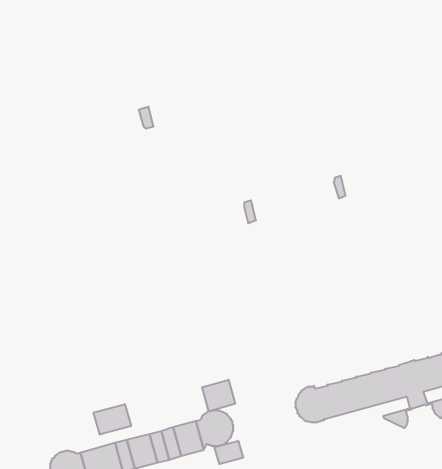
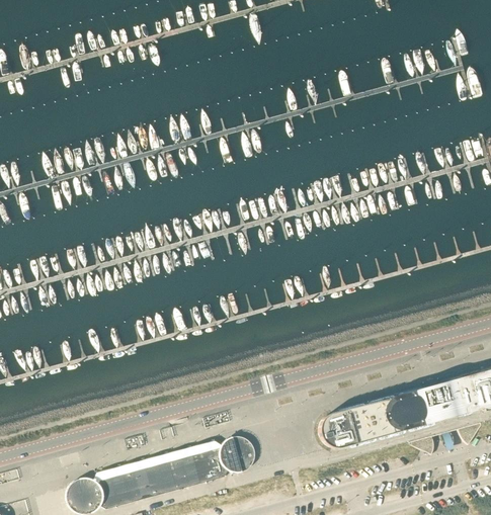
building: [202,380,235,411] -> none
building: [94,404,131,435] -> none
building: [214,441,243,464] -> none

